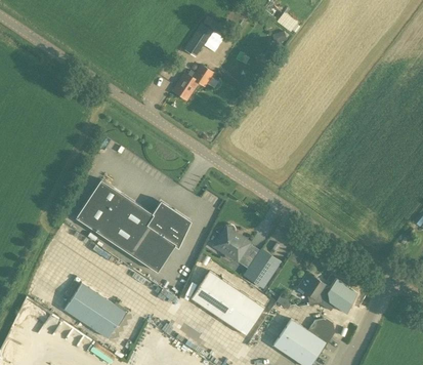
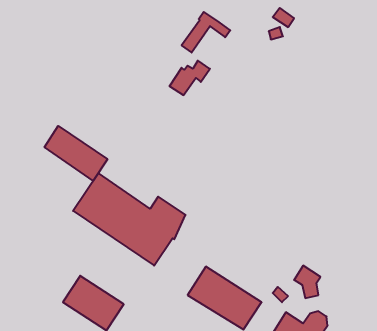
building: none -> [45,126,107,181]
building: [216,228,249,267] -> none
building: [244,249,280,288] -> none
building: [327,279,357,315] -> none

